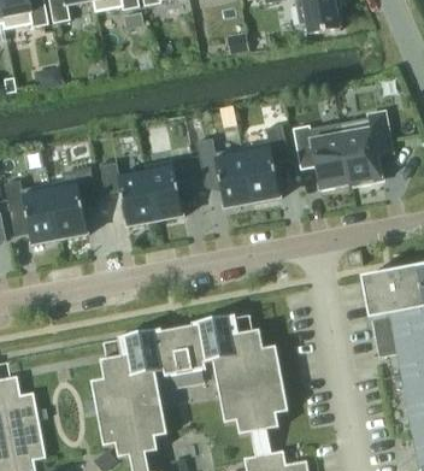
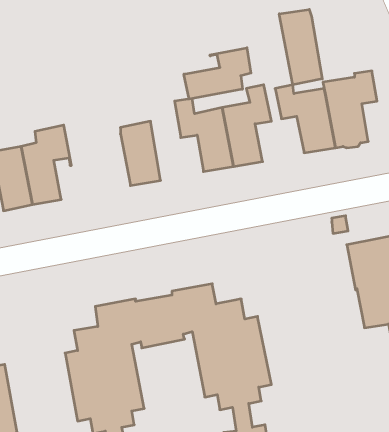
building: none -> [279,9,322,85]
building: none -> [184,48,251,99]
building: [100,163,154,228] -> none

